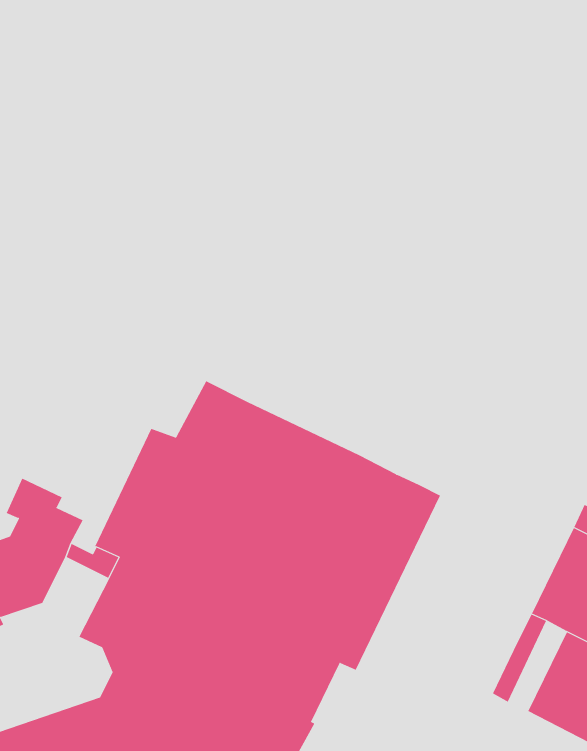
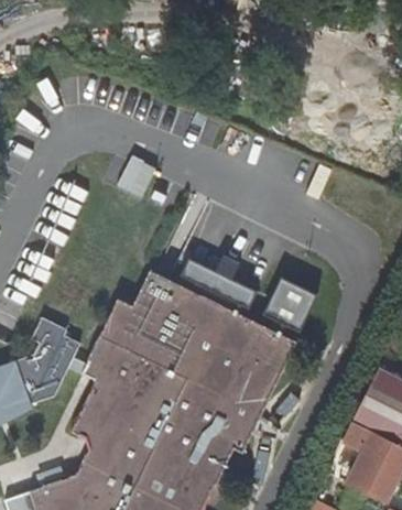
building: none -> [175,258,258,319]
building: none -> [261,280,316,338]

